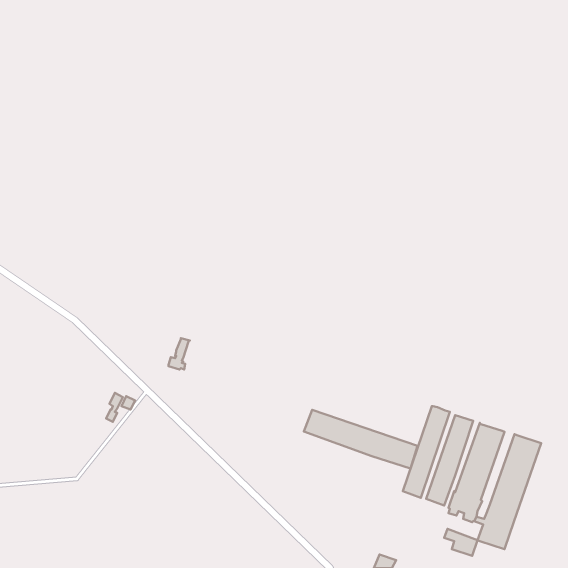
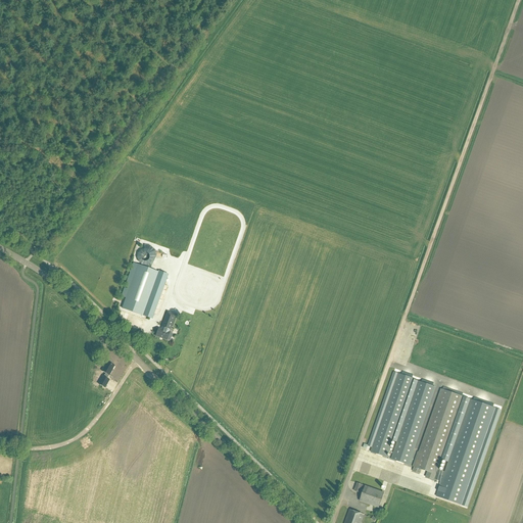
building: none -> [120,263,165,318]
building: [304,410,418,469] -> none
building: [444,529,478,556] -> [351,481,382,506]

